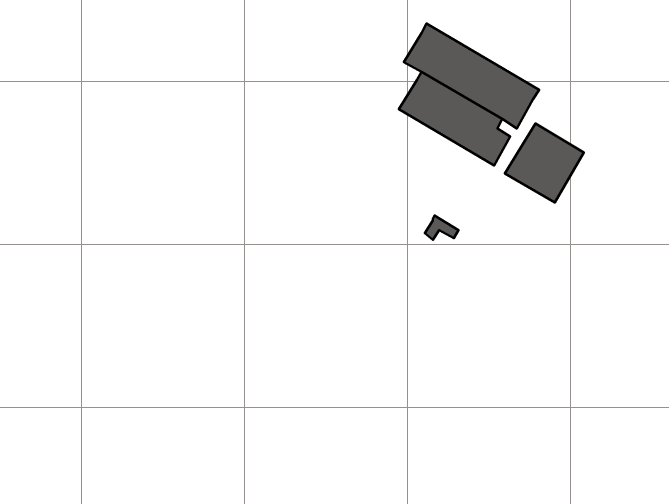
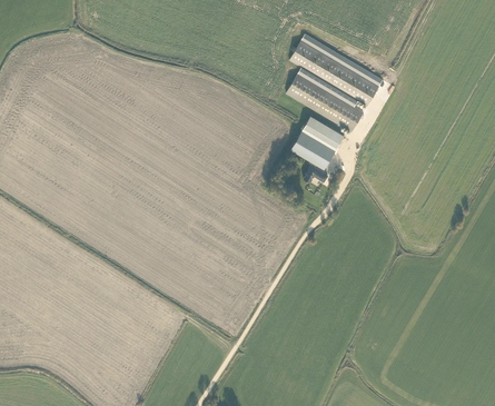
building: [505,123,584,203] -> [289,115,344,169]

